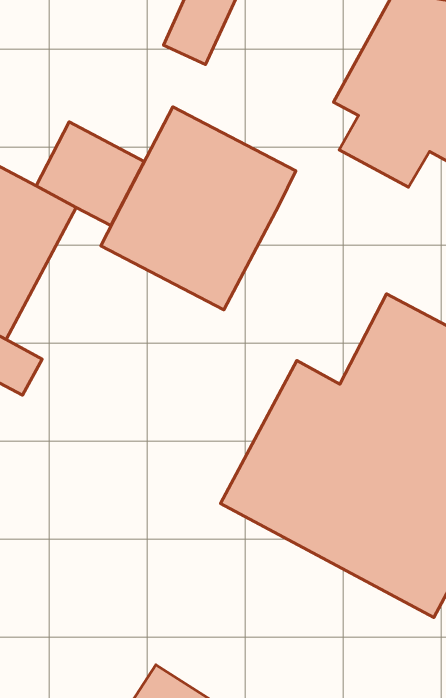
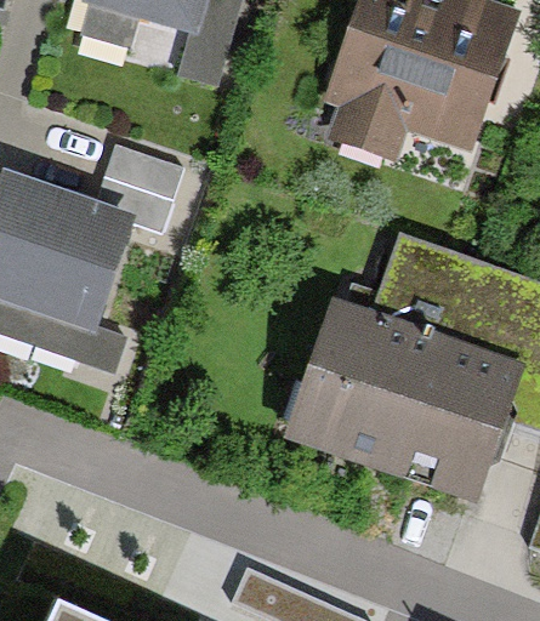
building: [101,107,296,310] -> none

